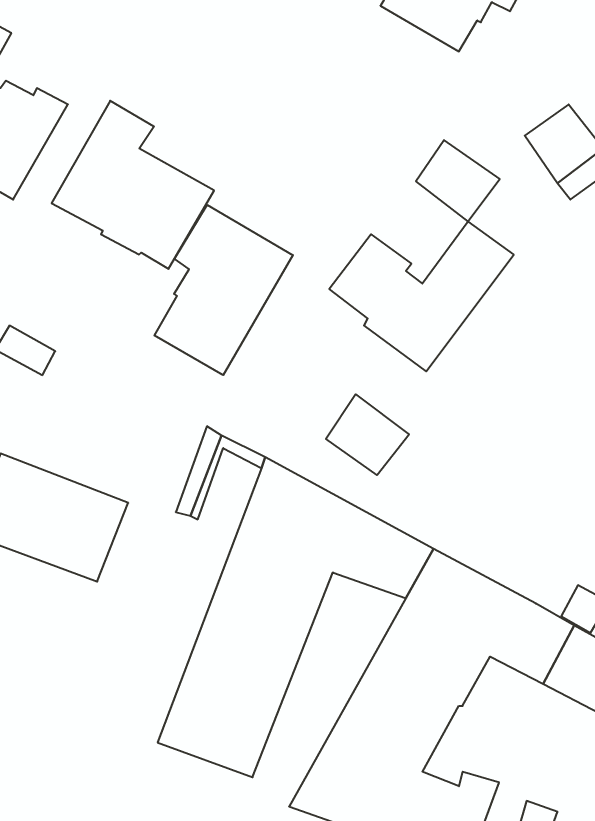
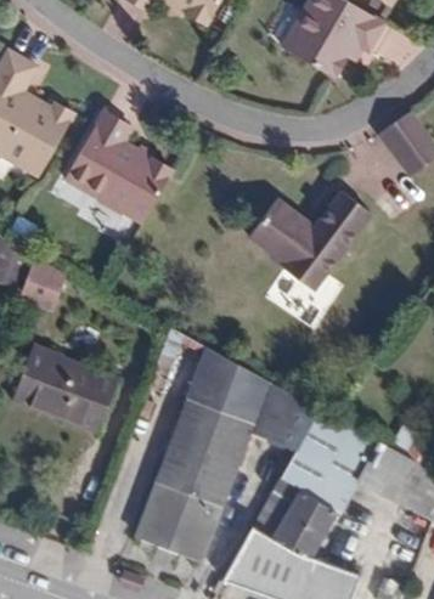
building: [416,140,500,221] -> none
building: [154,205,293,375] -> none
building: [326,394,409,475] -> none

